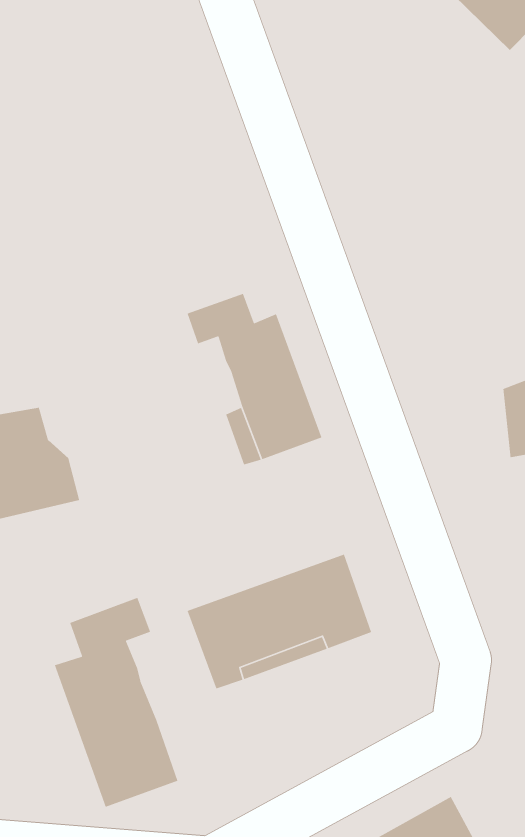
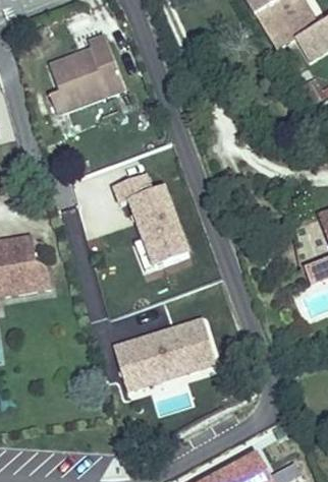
building: none -> [46,32,121,110]
building: [54,597,179,808] -> none

